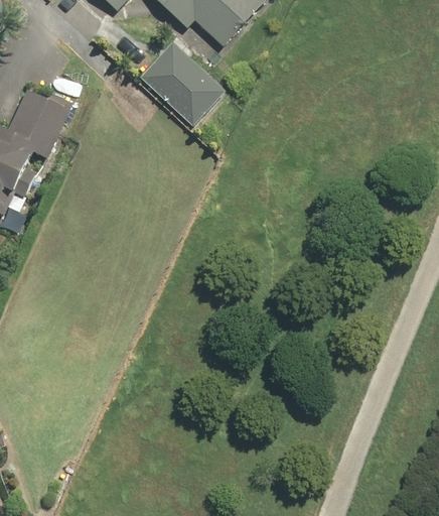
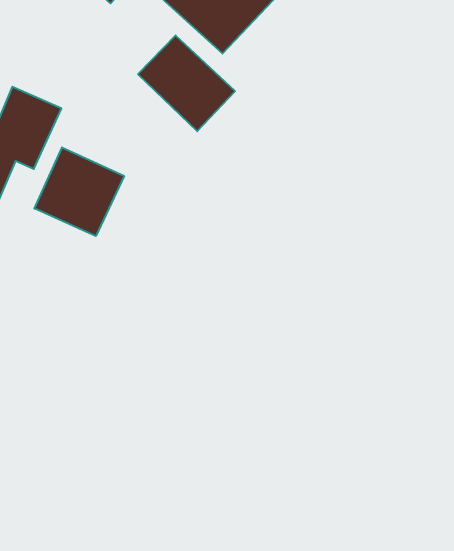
building: none -> [34,147,124,236]

